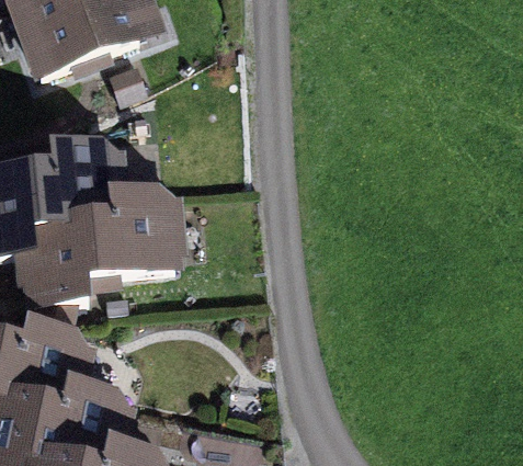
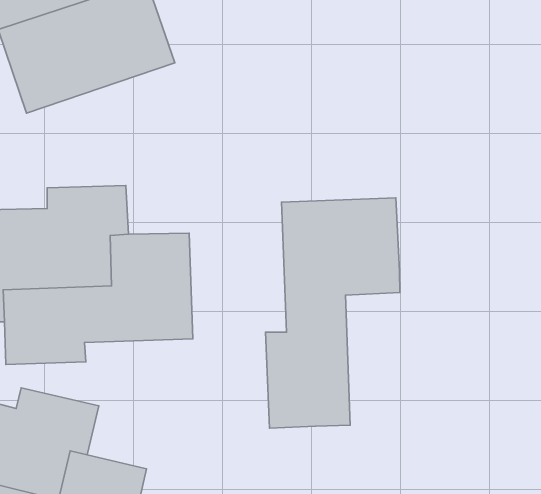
building: none -> [265,198,400,428]

